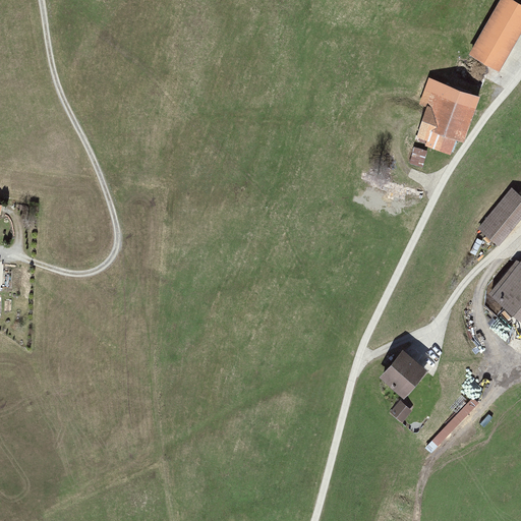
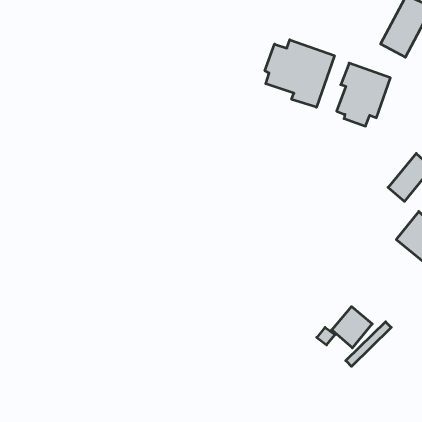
building: none -> [265,40,334,107]
building: [379,348,428,399] -> [332,307,372,348]

